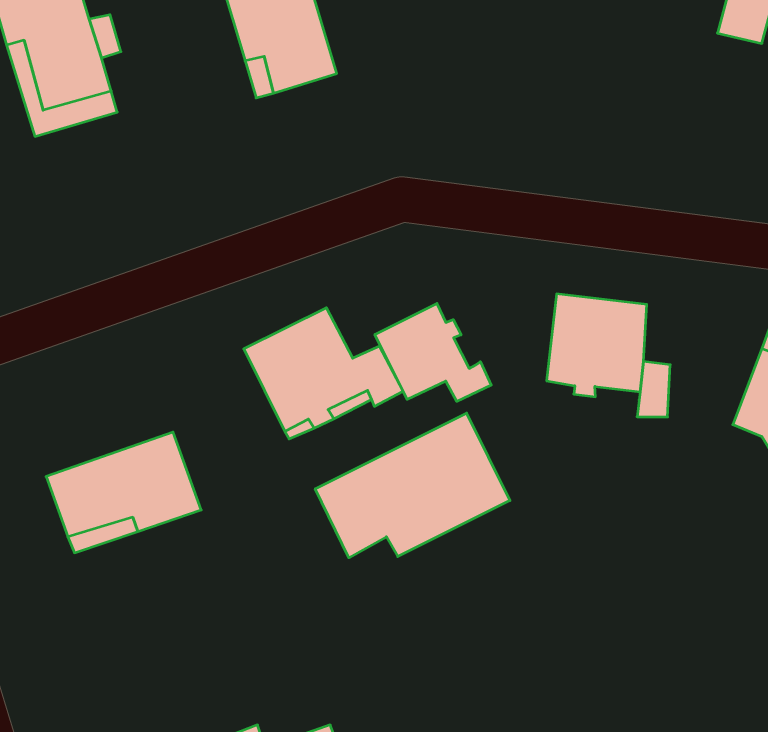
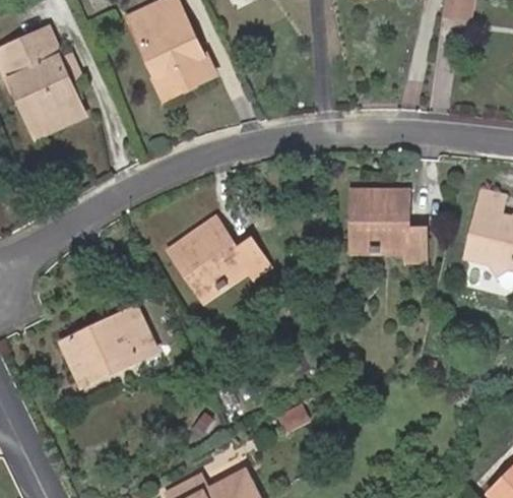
building: [375,303,491,401] -> none
building: [315,413,510,558] -> none

